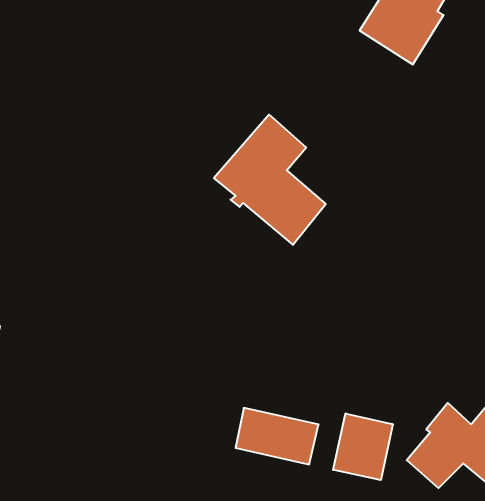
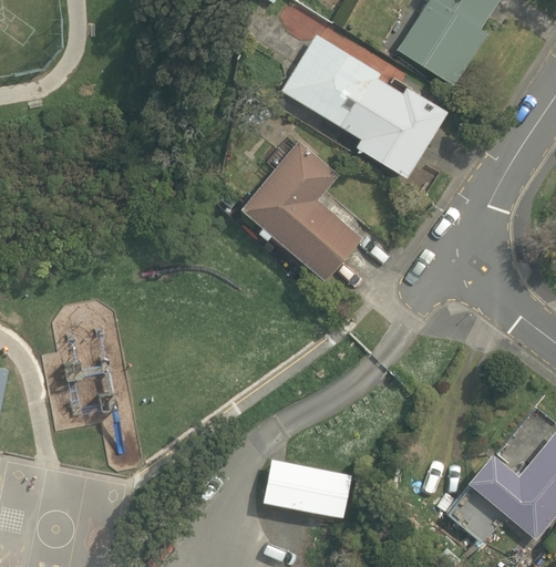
building: none -> [281,34,447,178]
building: [333,413,393,480] -> none

